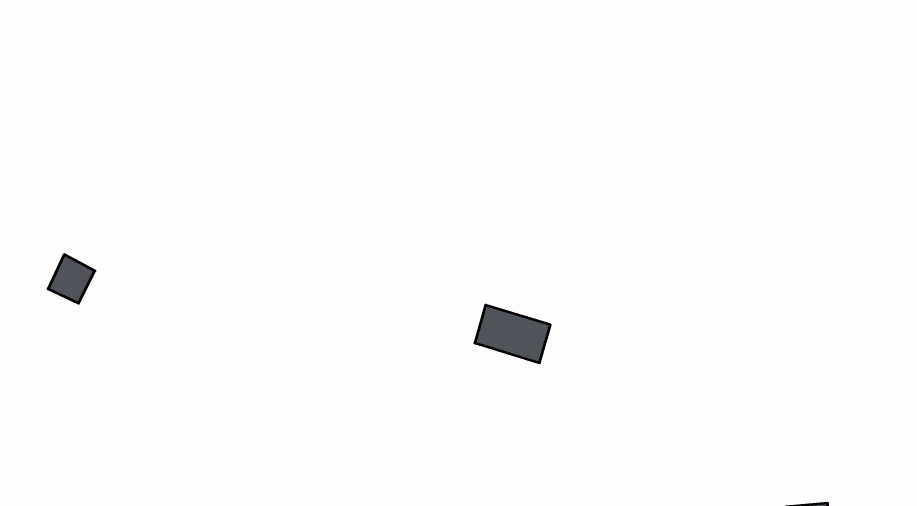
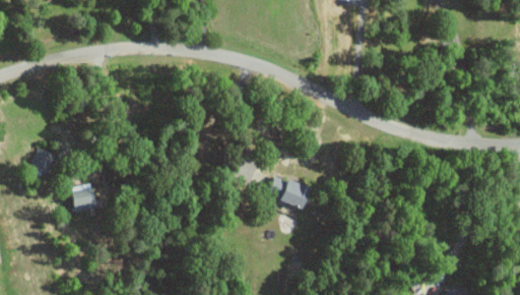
building: none -> [71,183,98,212]

